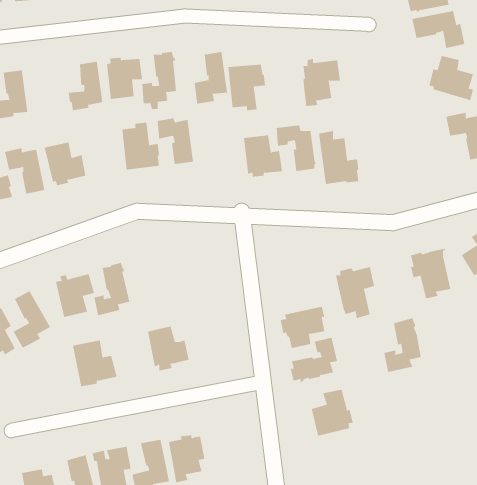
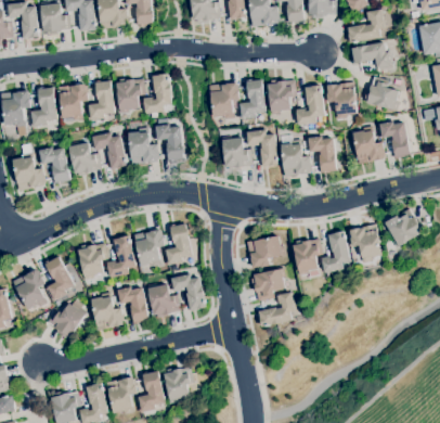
building: [194,52,228,104] -> [240,80,266,120]
building: none -> [327,82,355,119]
building: none -> [59,85,89,120]
building: none -> [296,86,324,126]
building: none -> [353,126,385,163]
building: none -> [92,132,127,169]
building: none -> [306,136,336,172]
building: none -> [166,225,192,264]
building: none -> [133,229,165,267]
building: none -> [247,236,286,269]
building: none -> [171,274,206,310]
building: [383,317,422,373] -> [321,231,350,273]
building: none -> [118,287,148,323]
building: none -> [48,304,86,338]
building: [311,389,353,436] -> none

